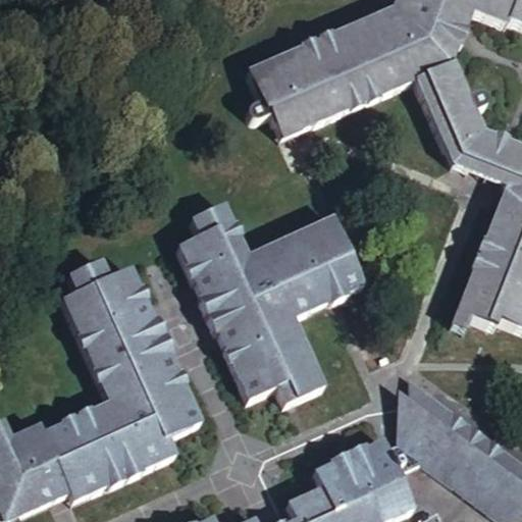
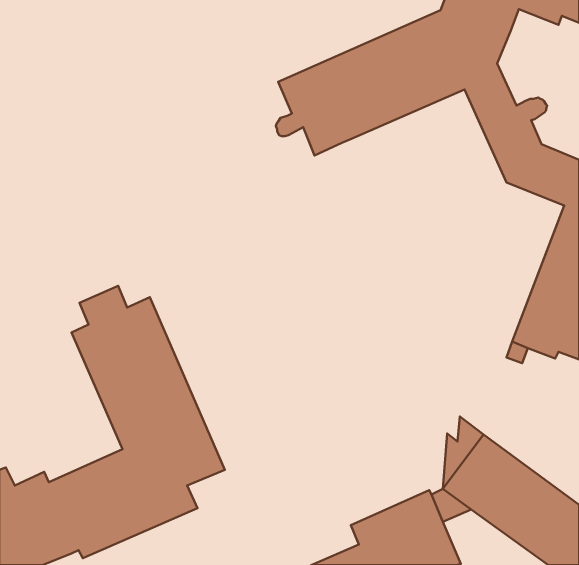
building: [184,202,366,404] -> none

